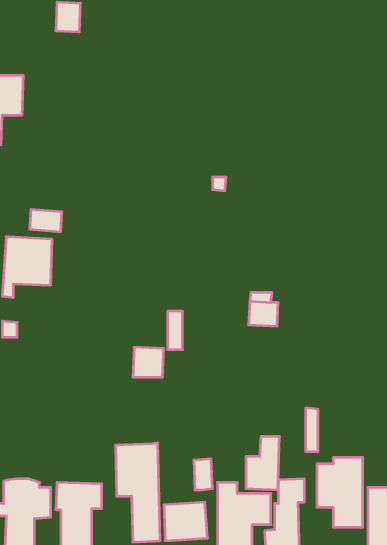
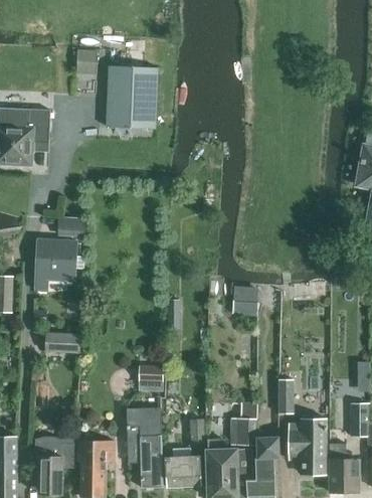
building: none -> [108,66,158,129]
building: [133,347,164,377] -> [139,366,164,390]
building: none -> [43,332,78,353]

